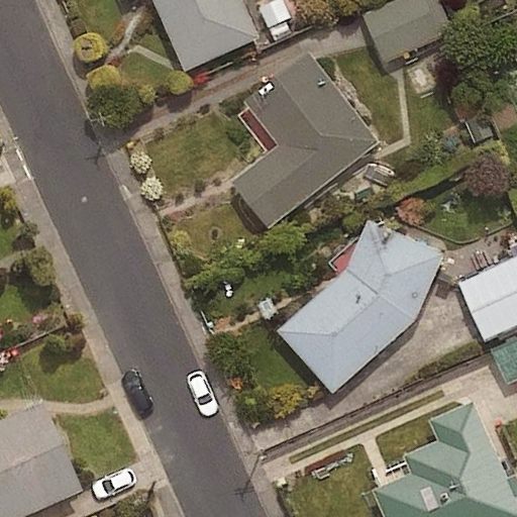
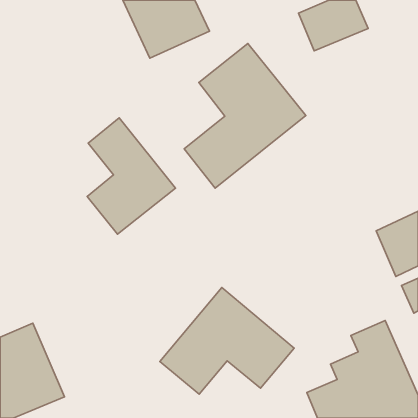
building: none -> [87,118,175,234]
building: [276,221,443,394] -> none
building: none -> [160,287,294,394]

